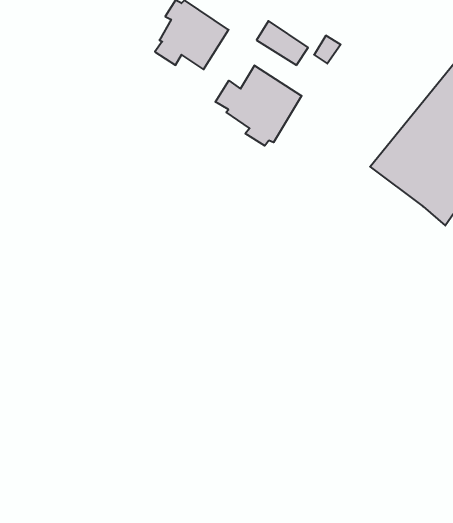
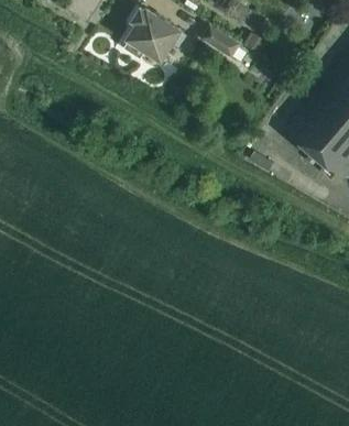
building: [215,65,302,146] -> none

